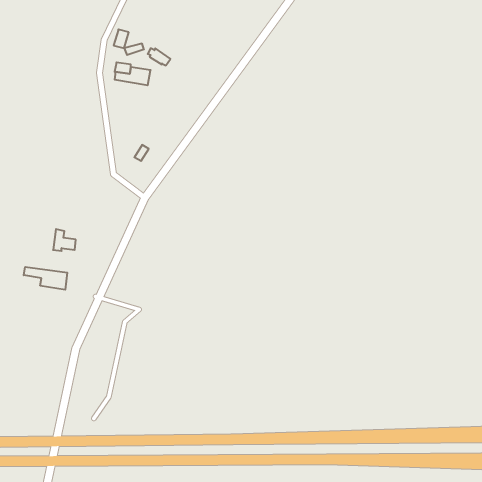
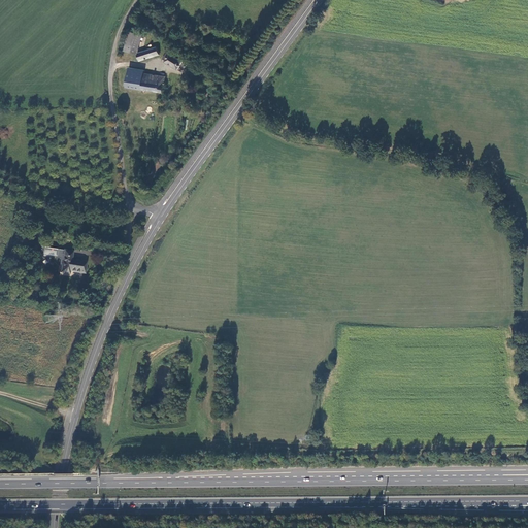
building: [24,267,67,290] -> none

